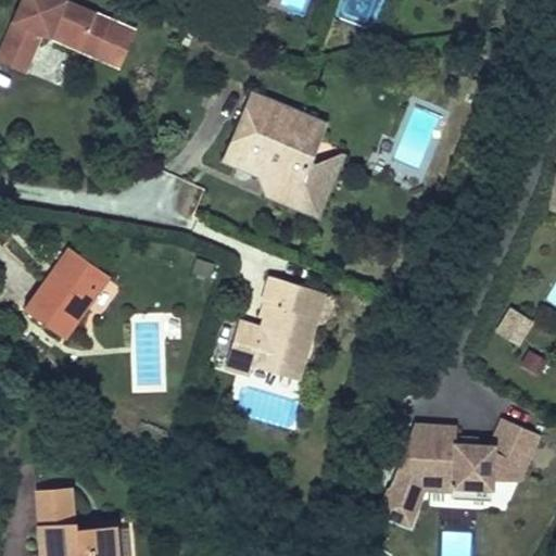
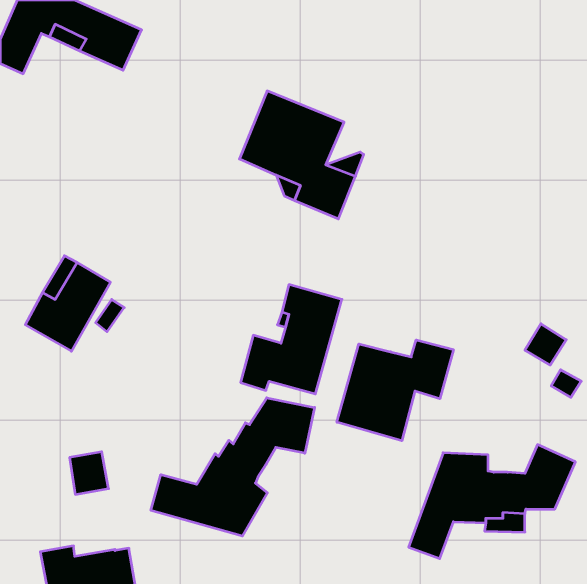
building: none -> [337,340,453,441]
building: none -> [151,398,315,536]
building: [34,484,71,525] -> [70,452,109,494]

